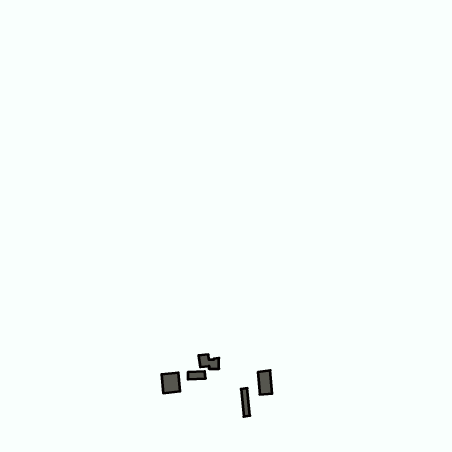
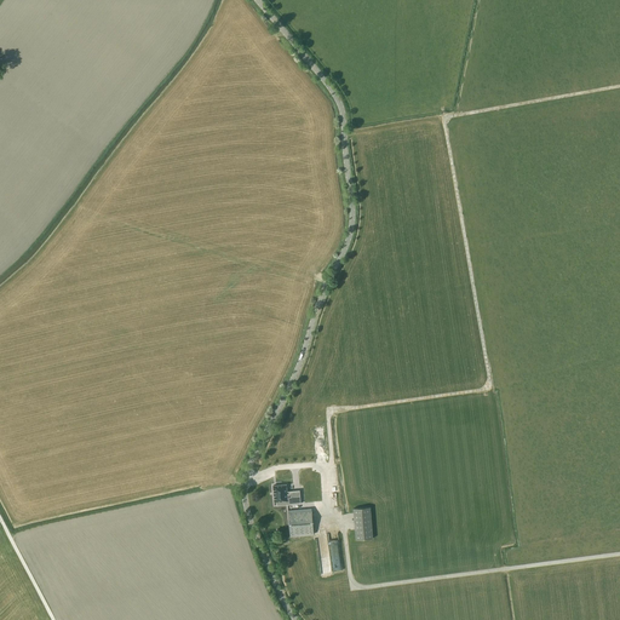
building: [162,373,180,393] -> [287,510,312,538]

